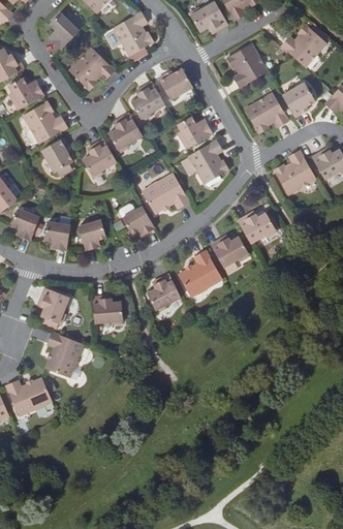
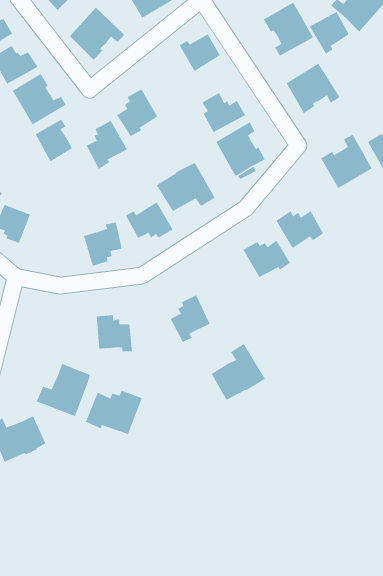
building: [131,82,164,121] -> none
building: [281,82,314,117] -> [309,11,350,55]
building: [43,220,70,249] -> none
building: [181,254,225,301] -> [211,343,266,401]
building: [39,283,68,325] -> none
building: none -> [85,390,142,435]

